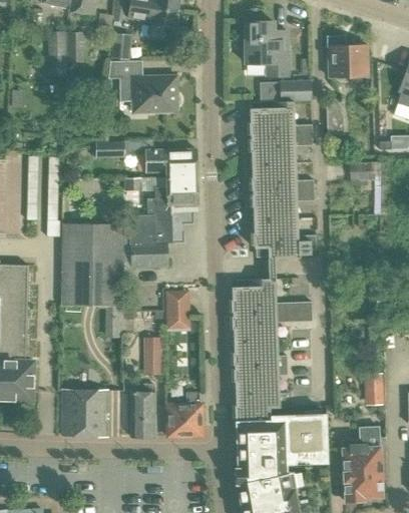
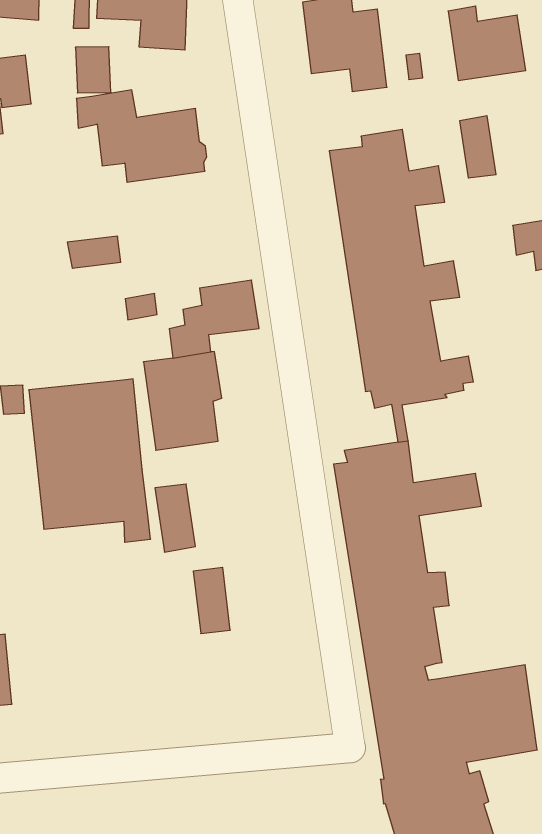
building: [280,81,311,101] -> none
building: [146,148,197,177] -> none
building: [167,292,186,329] -> [155,484,195,552]
building: [63,389,107,437] -> none
building: [131,392,155,437] -> none
building: [167,393,203,437] -> none

